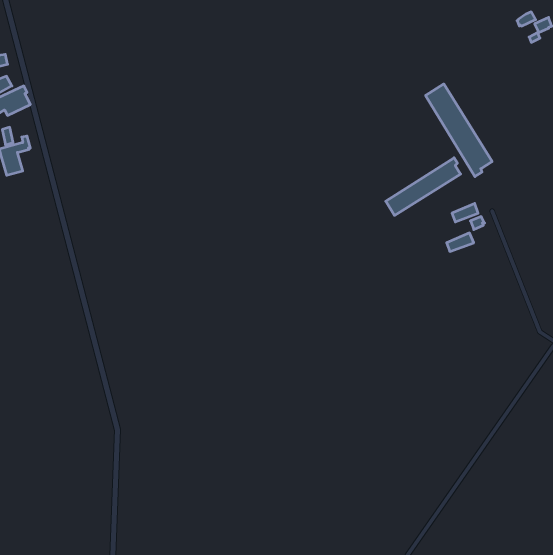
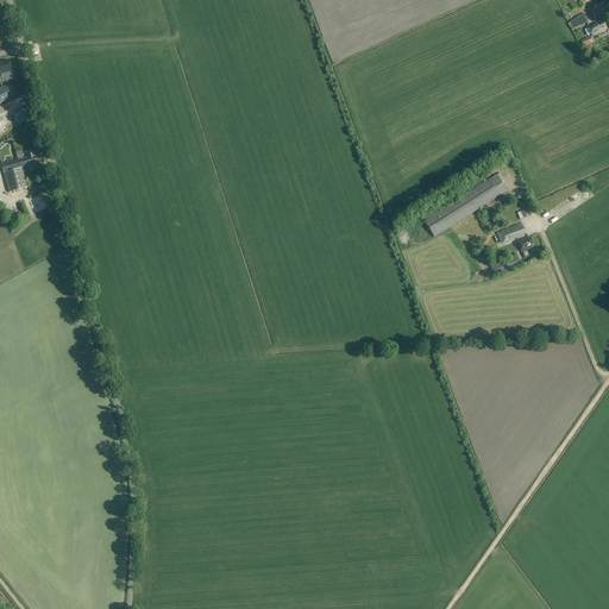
building: [426,84,492,177] -> none

